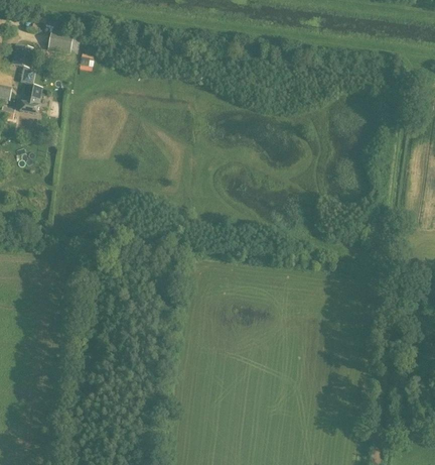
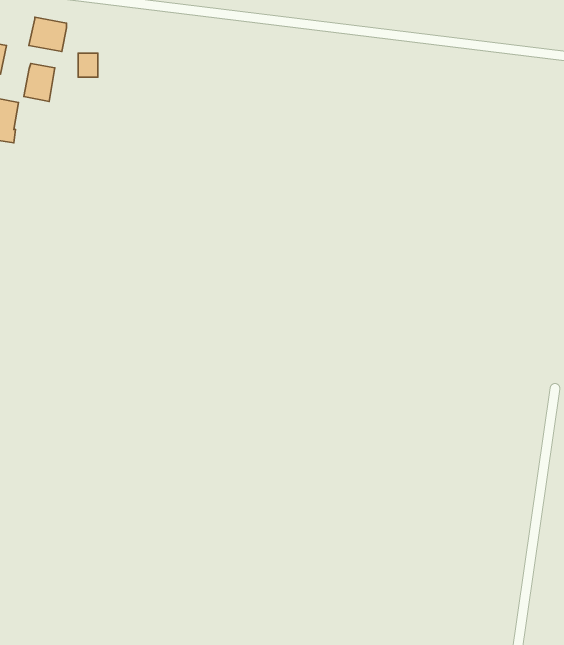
building: none -> [24,64,55,102]

